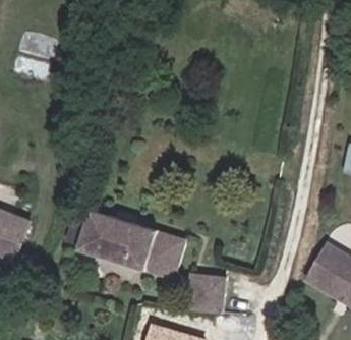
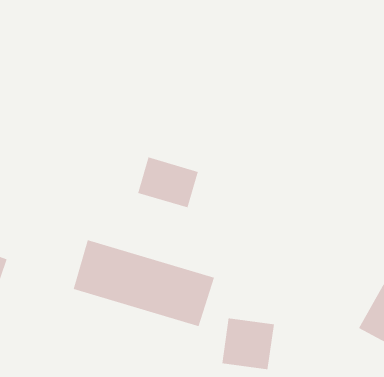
building: none -> [137,157,198,208]

